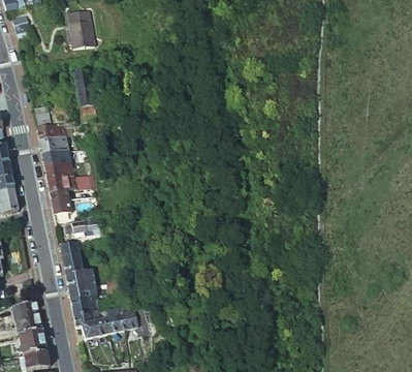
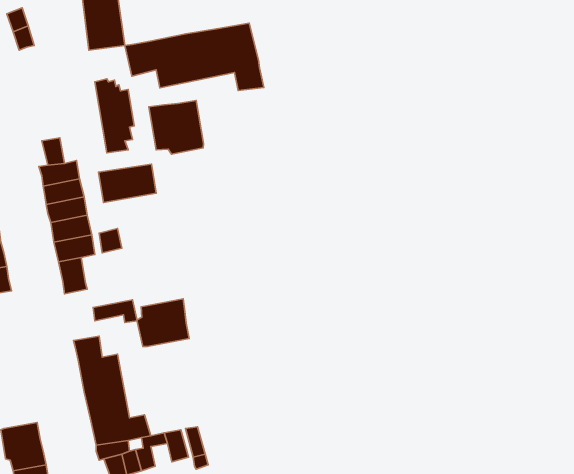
building: none -> [125,23,264,90]
building: none -> [149,100,204,154]
building: none -> [98,164,156,202]
building: none -> [137,299,189,347]

